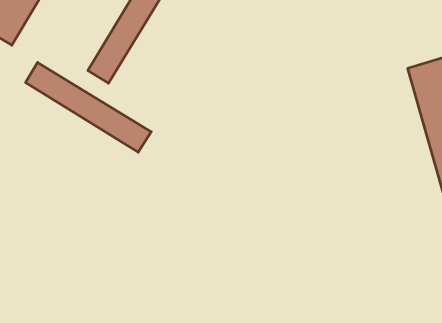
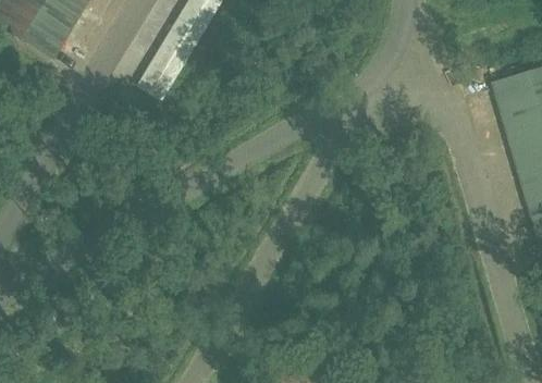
building: [26,62,151,152] -> none

